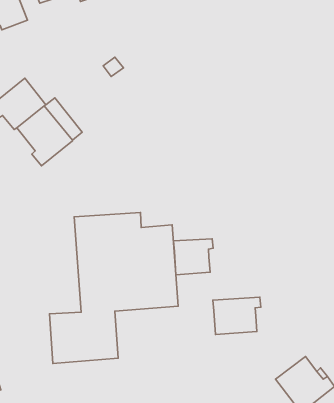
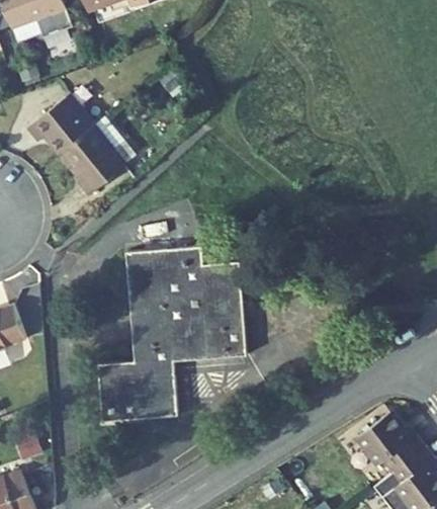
building: [173,239,213,275] -> none
building: [213,297,261,334] -> none

